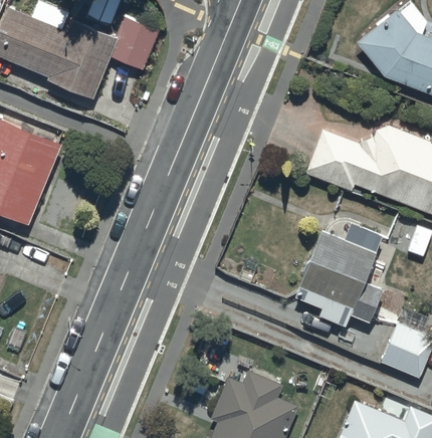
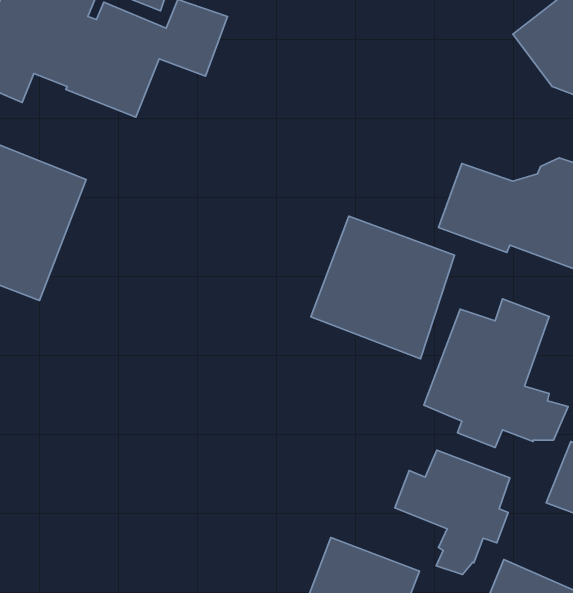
building: none -> [311,216,455,359]
building: none -> [395,450,510,574]

